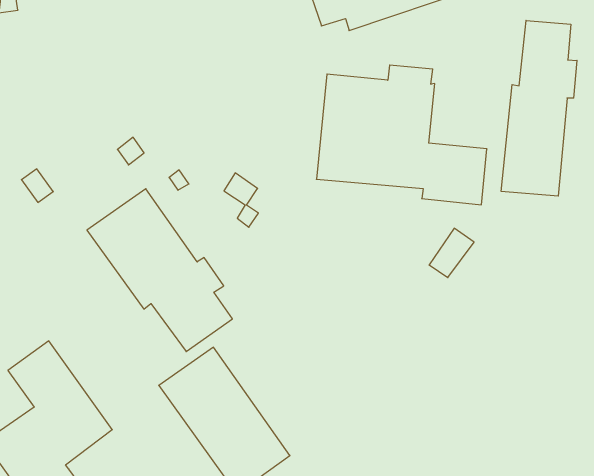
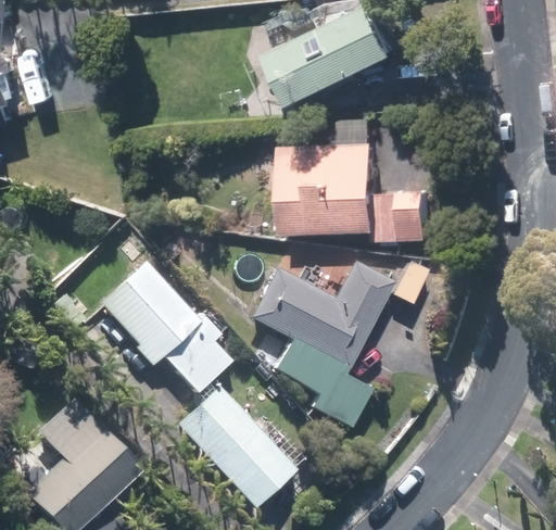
building: [501,20,577,196] -> none
building: none -> [251,260,394,427]

